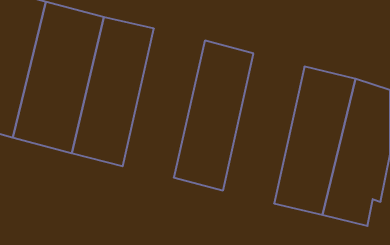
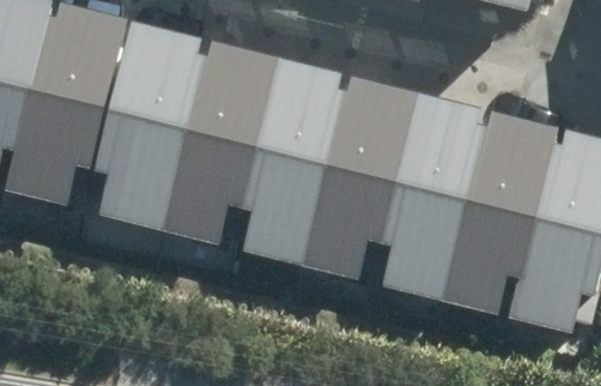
building: none -> [227,61,341,267]
building: none -> [366,96,479,303]

